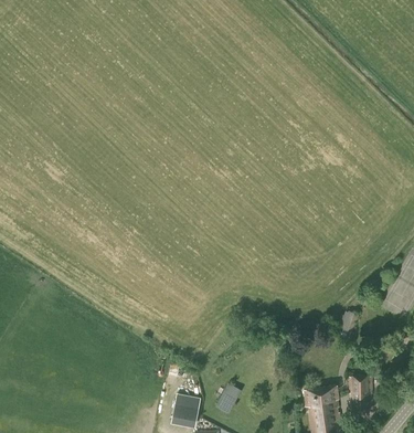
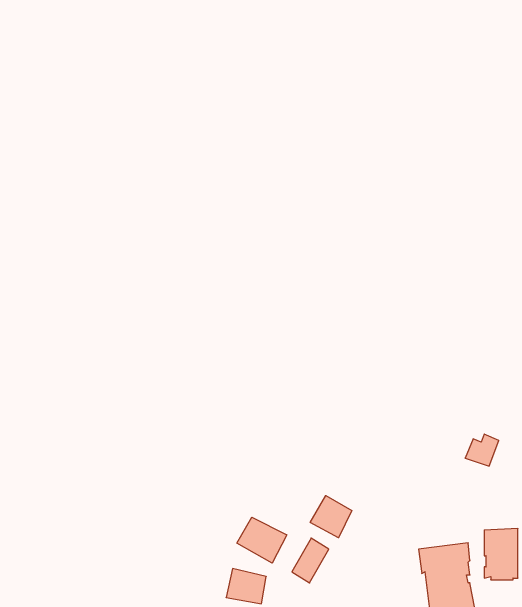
building: none -> [310,496,352,538]
building: none -> [237,517,287,563]

